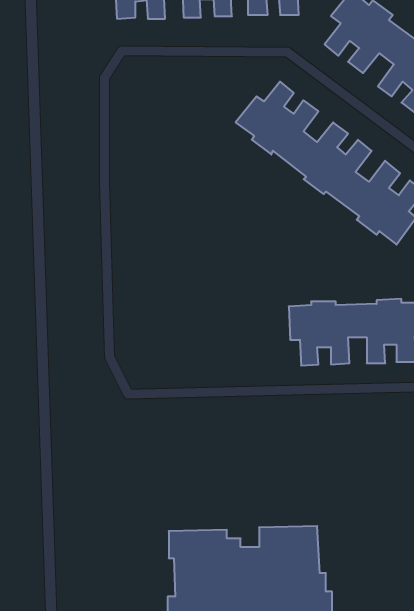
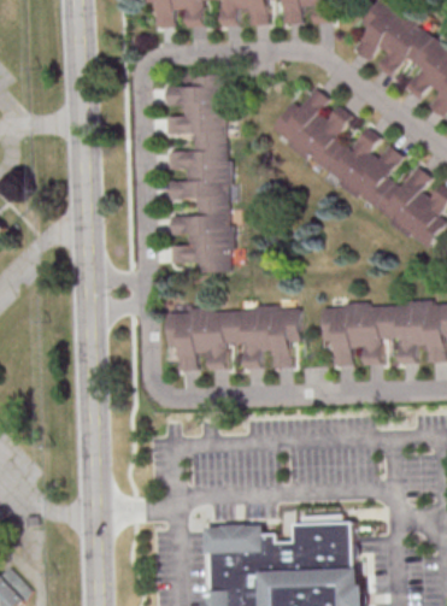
building: none -> [164,75,233,271]
building: none -> [166,305,299,371]

